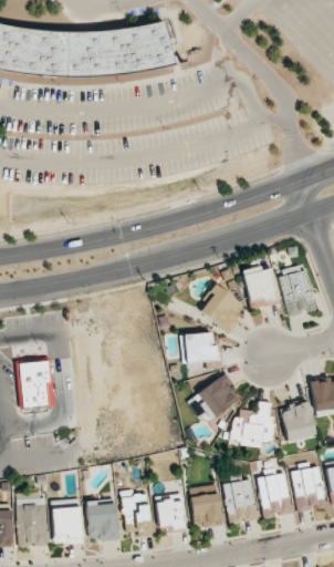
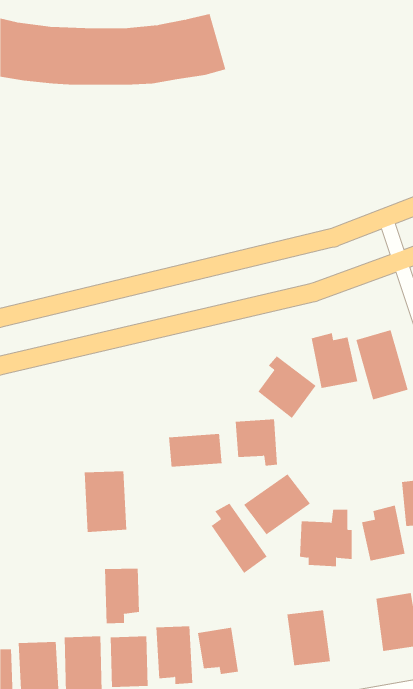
building: none -> [168,433,222,468]
building: [20,361,53,409] -> [84,471,127,533]
building: none -> [211,503,268,574]
building: none -> [105,568,140,624]
building: [259,474,291,517] -> none
building: [190,485,221,526] -> none

